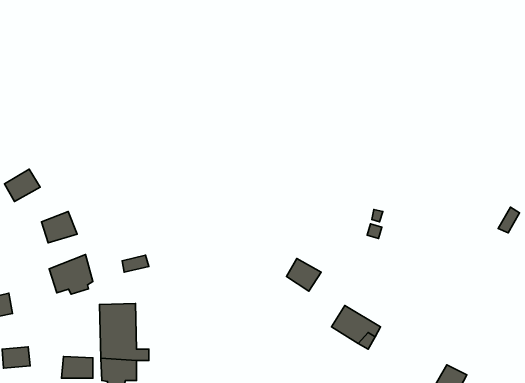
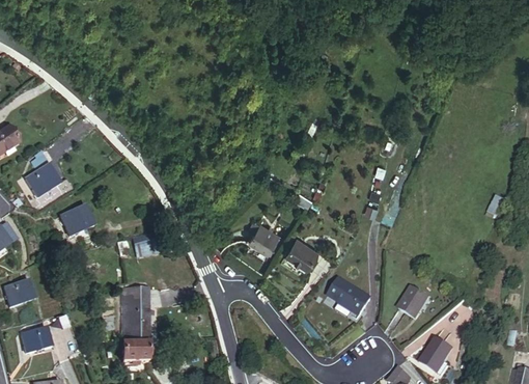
building: none -> [249,228,279,258]
building: [49,254,93,294] -> none
building: none -> [398,287,430,318]
building: [62,356,93,378] -> none

